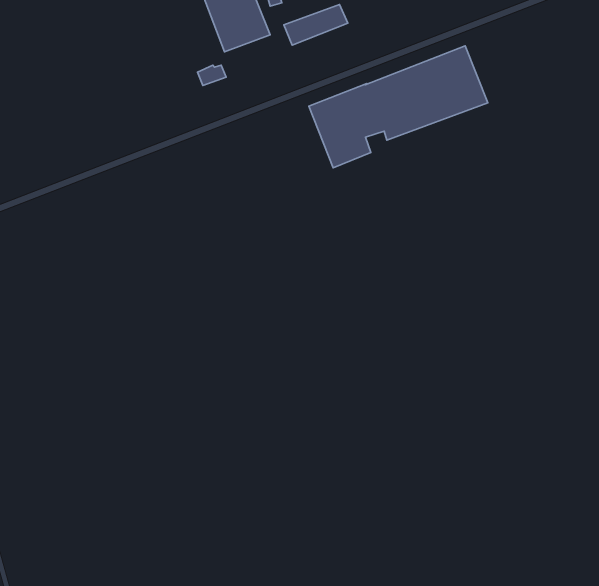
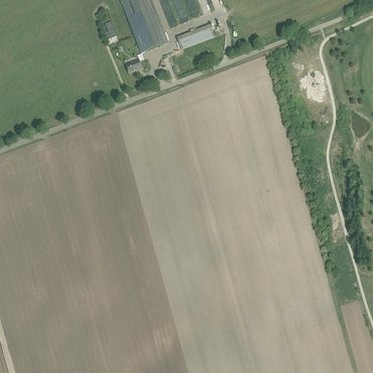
building: [309,46,488,168] -> none

